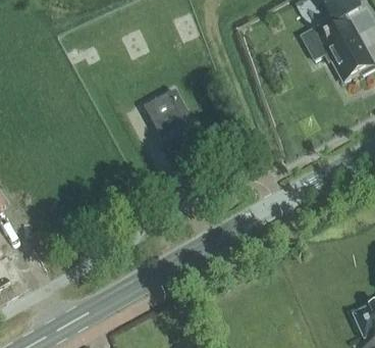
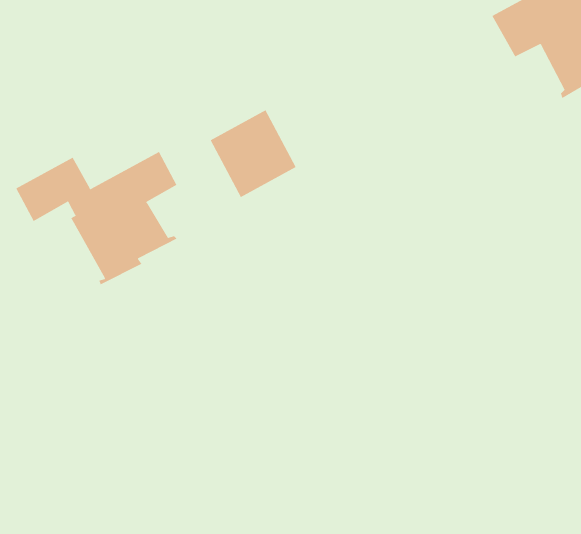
building: none -> [16,151,177,285]

